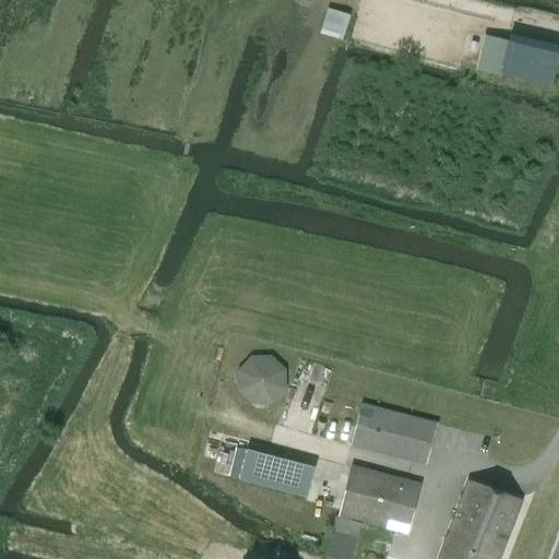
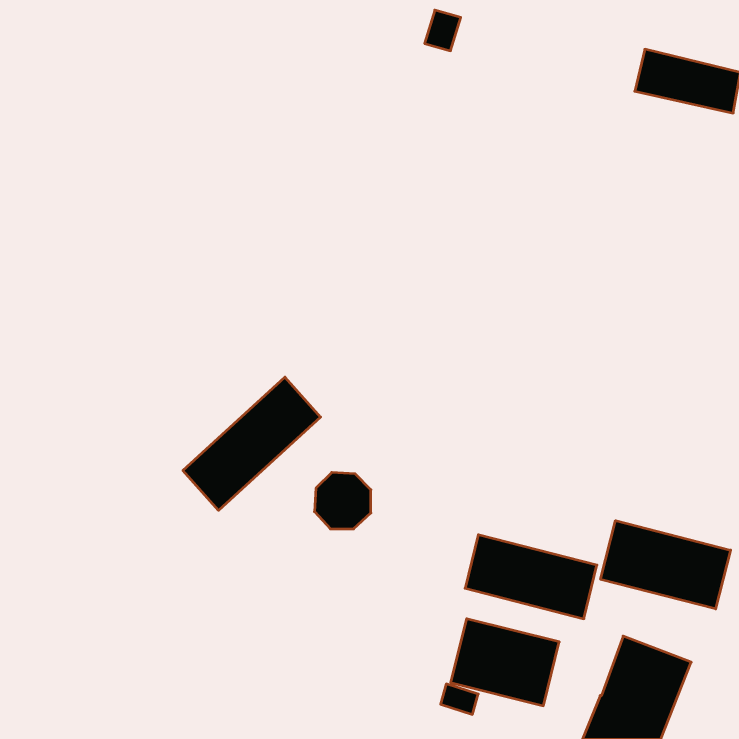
building: none -> [183,377,321,510]
building: none -> [601,521,731,609]
building: [239,449,314,496] -> none

